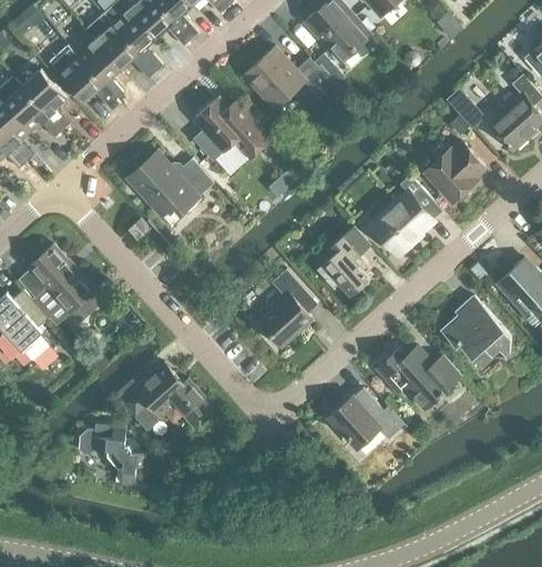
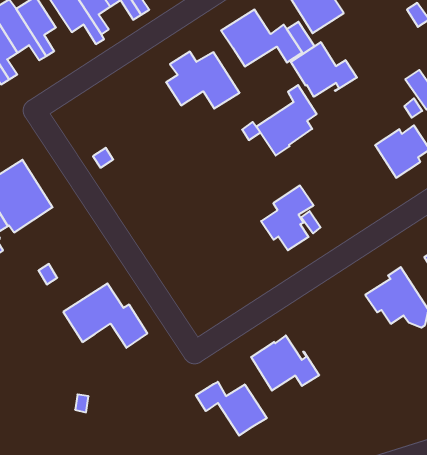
building: none -> [291,42,357,97]
building: [127,152,214,228] -> none
building: [372,176,434,255] -> [256,85,317,156]
building: [258,270,313,348] -> none
building: [376,347,461,410] -> none
building: [79,424,150,485] -> none
building: none -> [196,382,267,436]

